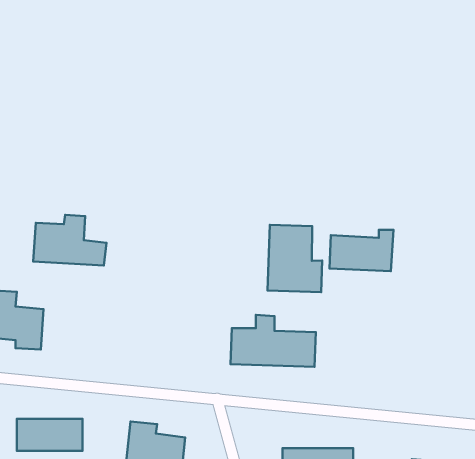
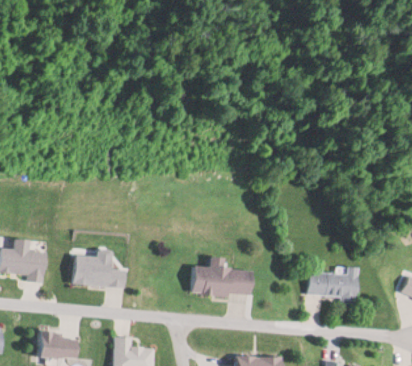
building: [33,215,106,265] -> [73,250,128,288]
building: [267,225,322,292] -> none
building: [329,230,394,271] -> [308,268,356,299]

